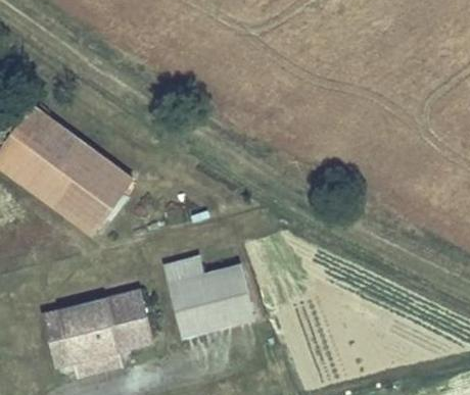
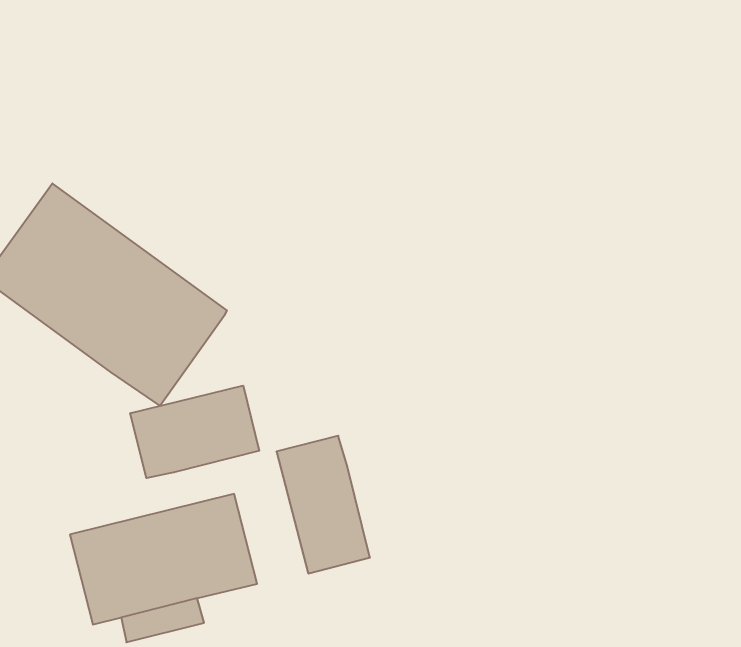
building: none -> [130,386,259,478]
building: [203,263,253,326] -> none

